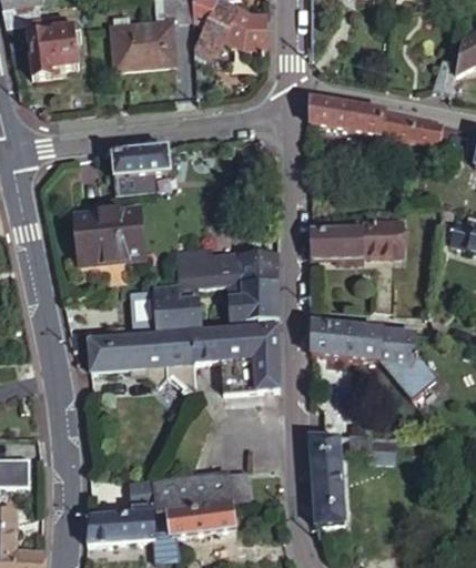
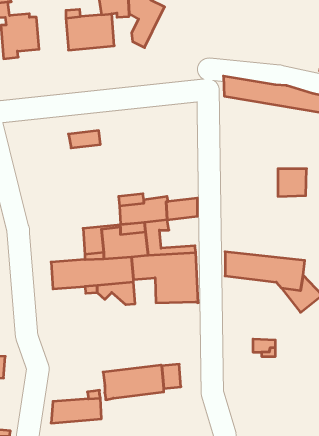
building: [220,9,263,50] -> none
building: [110,143,169,172] -> none
building: [82,209,145,264] -> none
building: [312,223,381,252] -> none
building: [229,277,277,318] -> none
building: [312,434,344,524] -> none
building: [170,503,236,535] -> none

